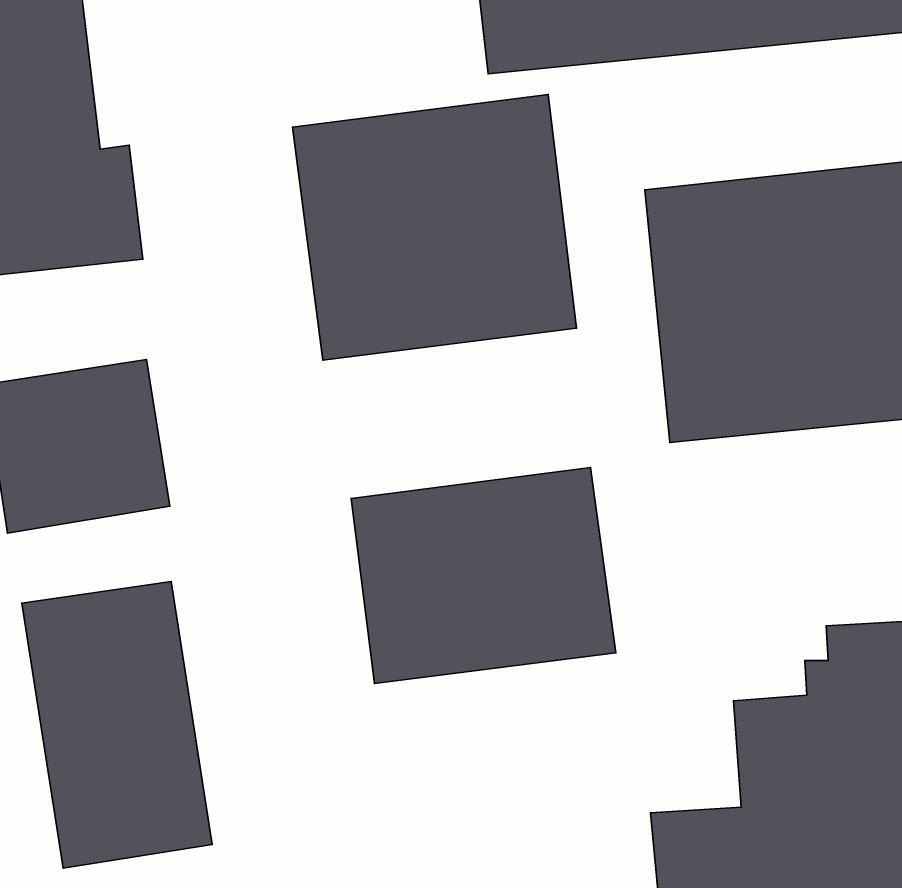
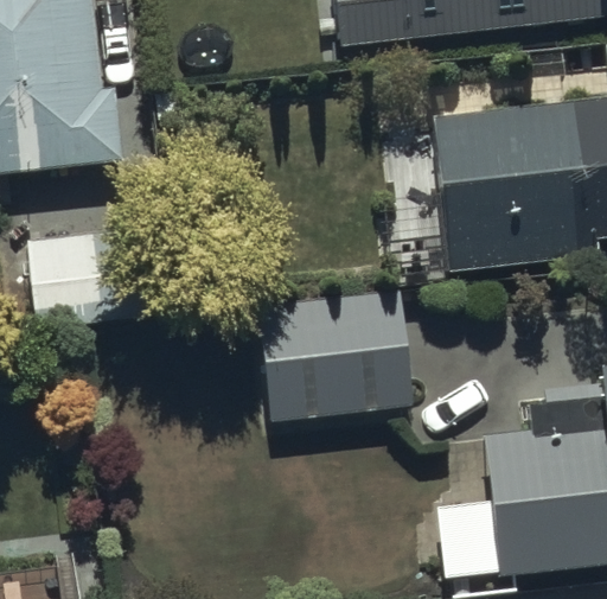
building: [292,95,577,360] -> none
building: [22,581,212,868] -> none

